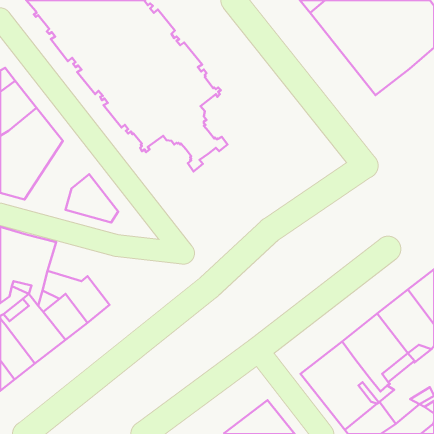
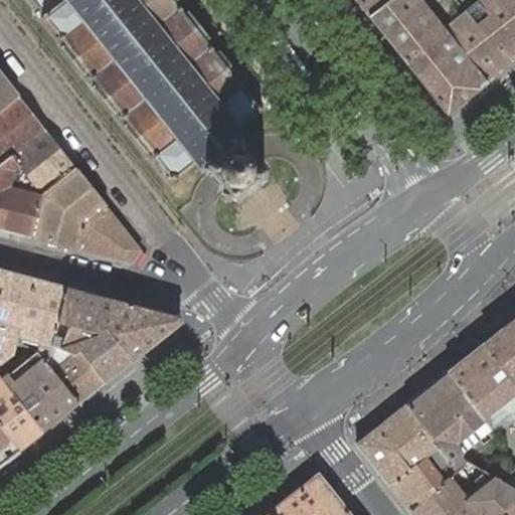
building: none -> [29,167,106,248]
building: none -> [56,287,180,361]

